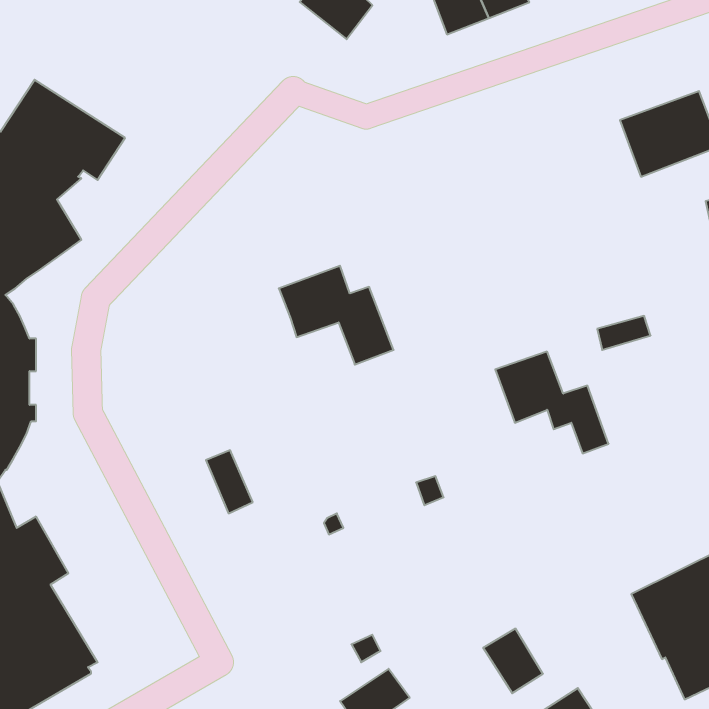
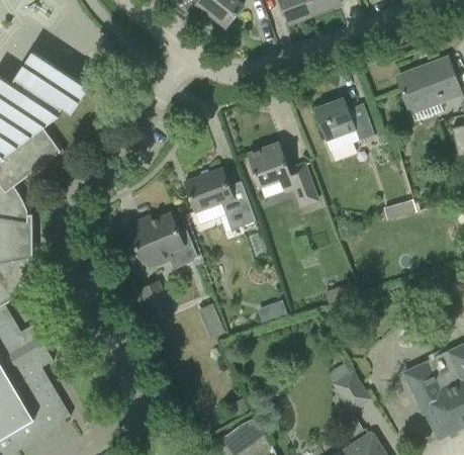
building: none -> [313,97,372,150]
building: none -> [125,211,196,268]
building: [495,352,609,453] -> [246,142,316,205]
building: [483,629,543,693] -> [332,370,369,411]

